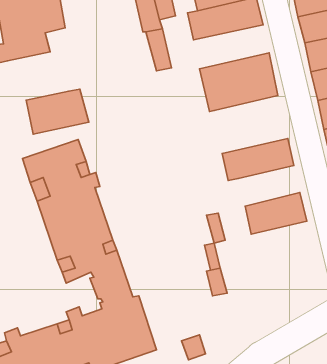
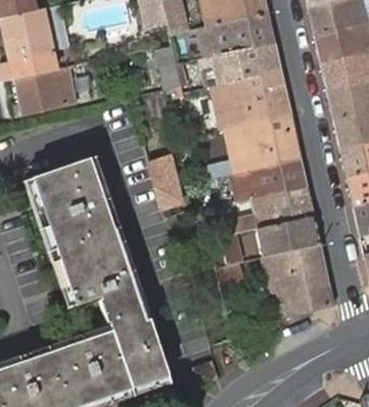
building: none -> [201,43,282,89]
building: [26,89,89,134] -> [13,69,78,115]
building: none -> [209,116,302,180]
building: none -> [150,157,182,211]
building: none -> [227,187,314,235]
building: none -> [264,244,334,317]

